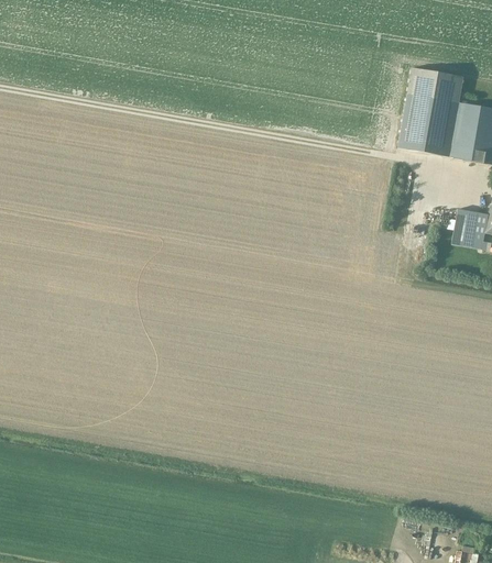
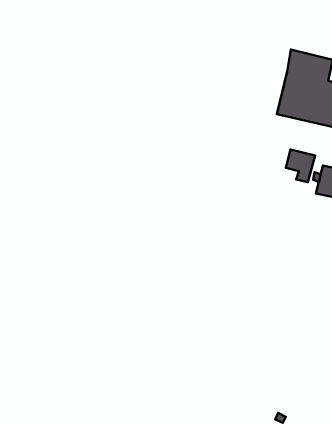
building: none -> [286,149,315,182]

